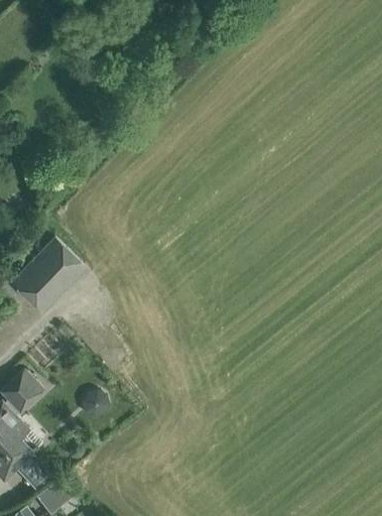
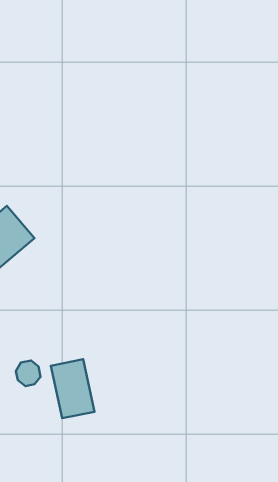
building: none -> [51,359,94,418]

